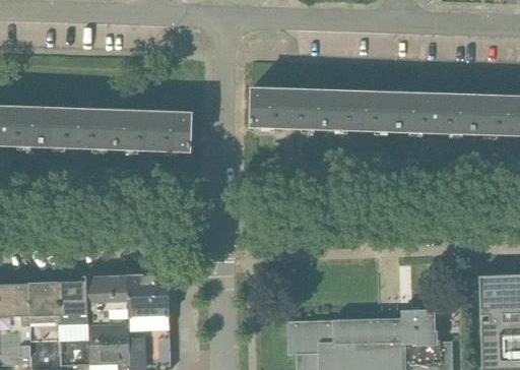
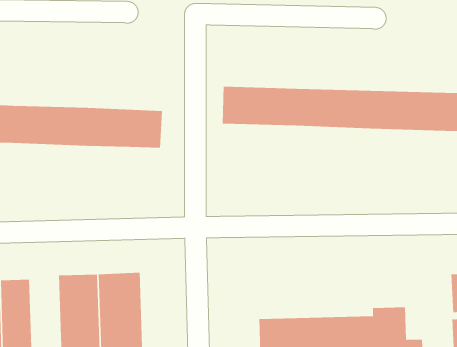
building: [58,275,88,341] -> none

